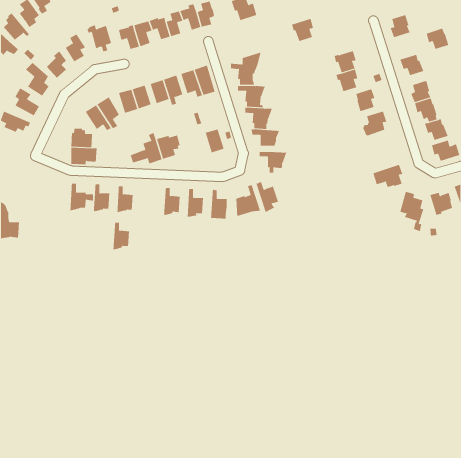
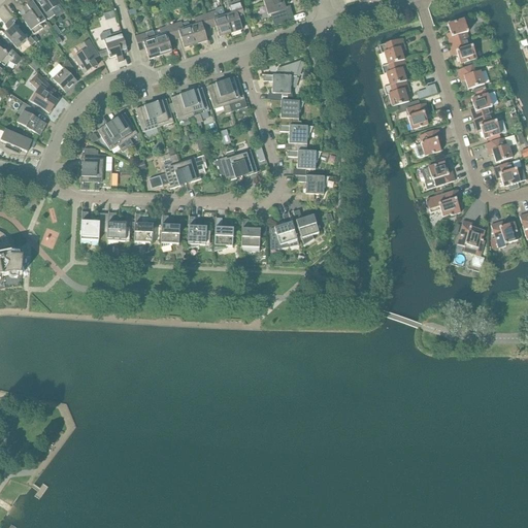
building: [291,18,314,42] -> [380,36,405,63]
building: [426,28,449,50] -> [450,37,476,62]
building: none -> [216,148,241,179]
building: none -> [424,157,455,188]
building: [113,221,130,251] -> [160,212,179,246]

